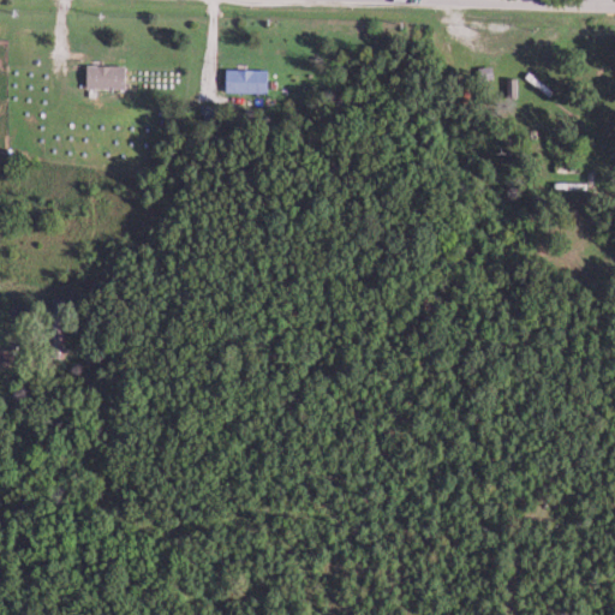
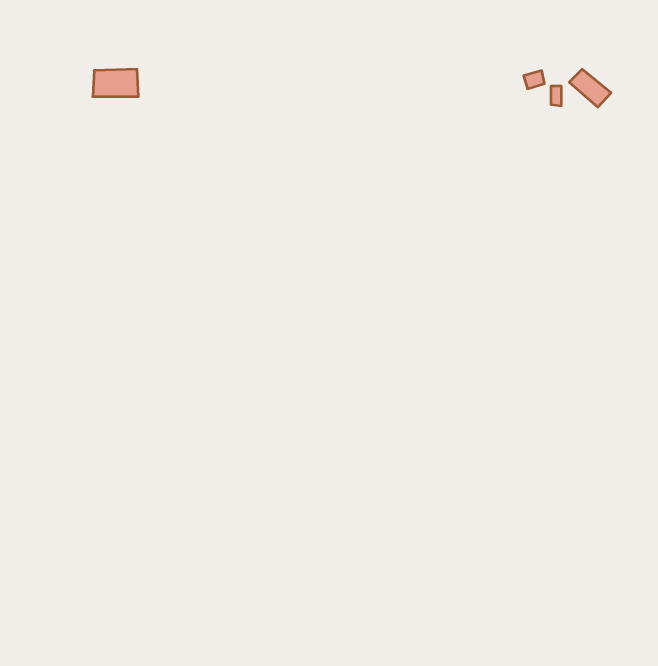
building: [225,72,268,92] -> none

